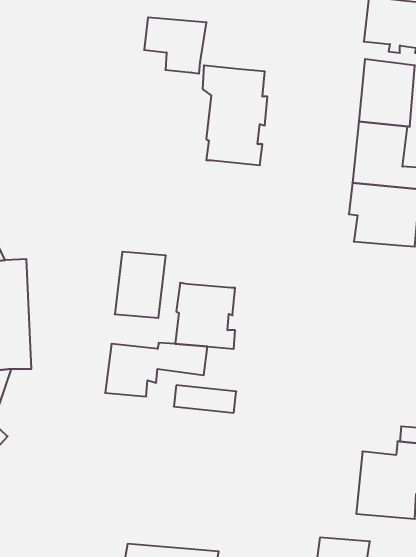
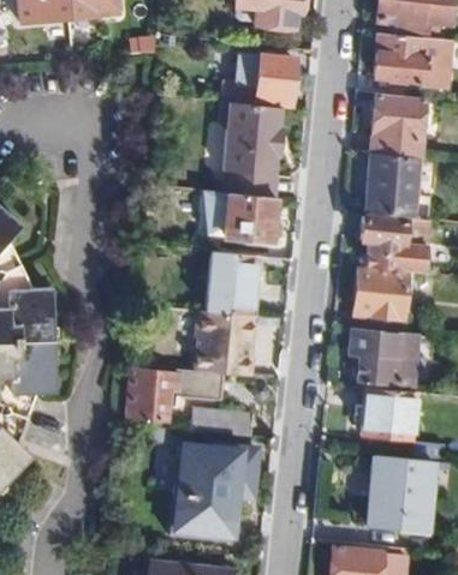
building: [144,17,207,74] -> [234,53,295,107]
building: none -> [219,191,275,240]
building: none -> [353,268,408,319]
building: [115,252,166,318] -> [206,250,255,313]
building: none -> [347,333,417,389]
building: none -> [361,390,417,439]
building: none -> [167,444,254,538]

